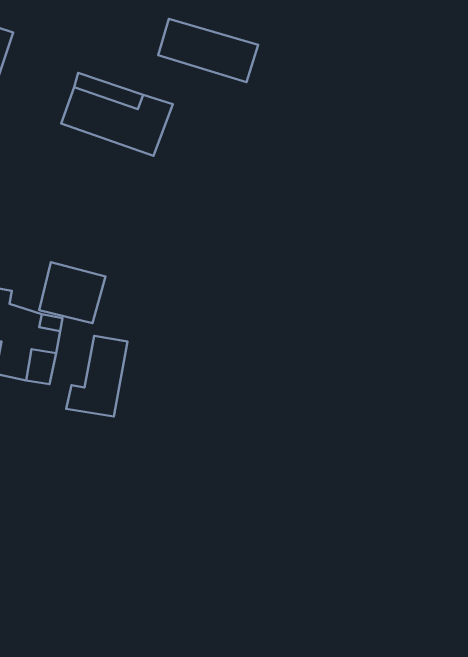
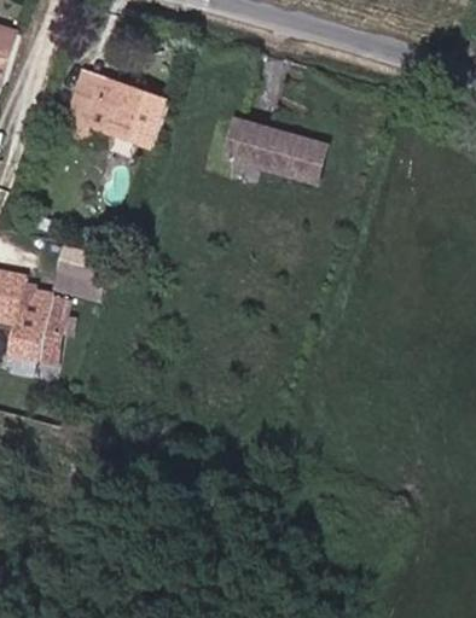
building: [158,19,258,82] -> [225,117,318,176]
building: [66,336,127,417] -> none

